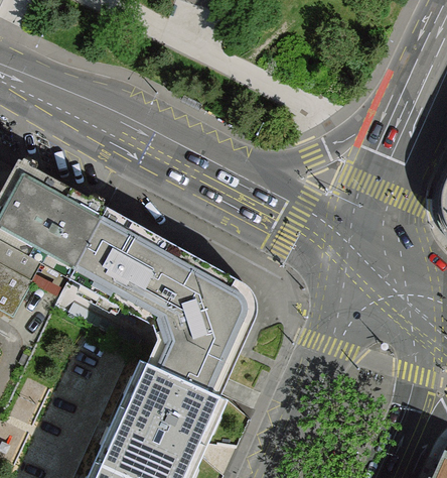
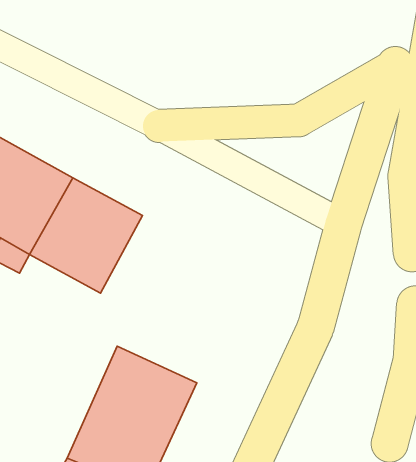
building: [132,243,257,395] -> none

